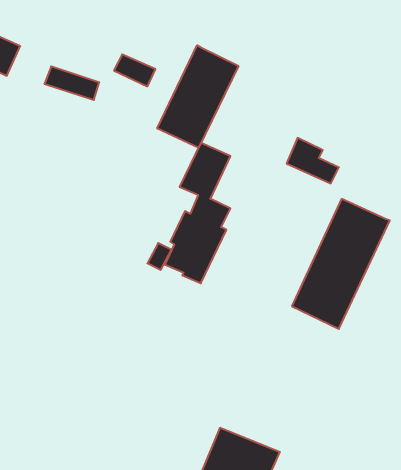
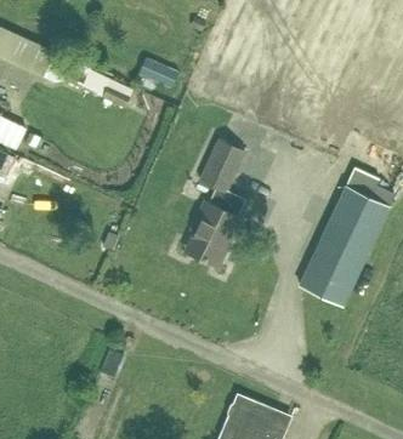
building: [157,45,238,148] -> none
building: [287,138,339,183] -> [346,166,393,207]

